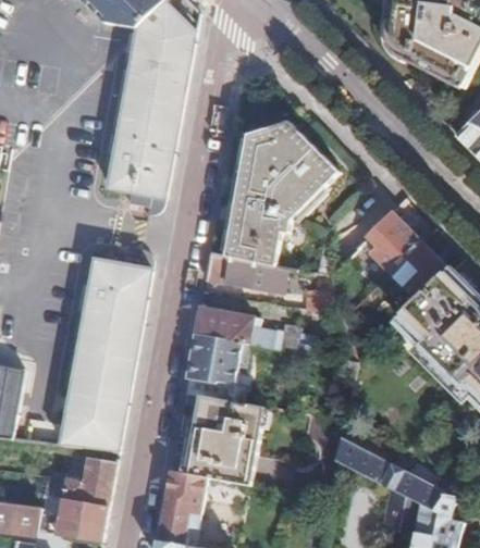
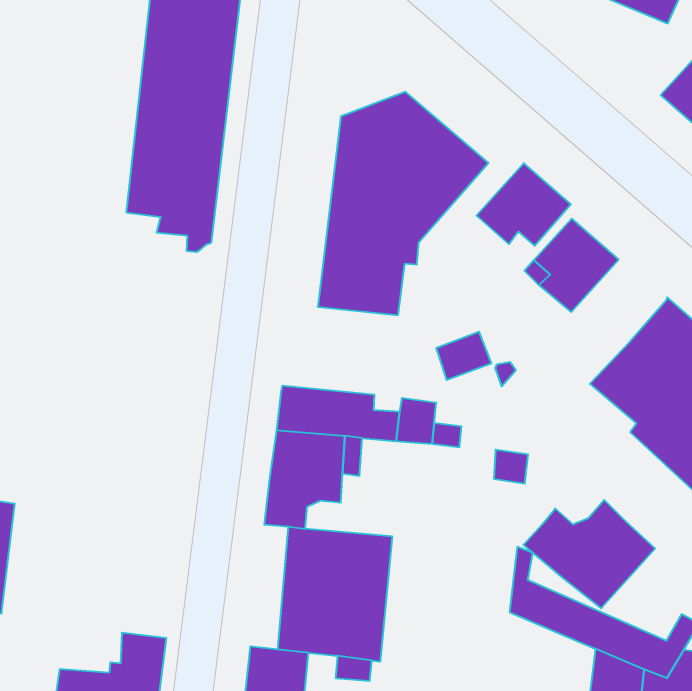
building: [387,238,448,291] -> [476,163,571,246]
building: [60,246,152,451] -> none
building: [204,252,284,288] -> none
building: none -> [523,500,655,608]

